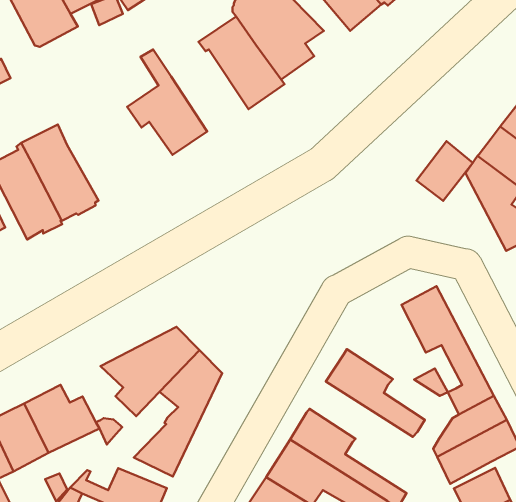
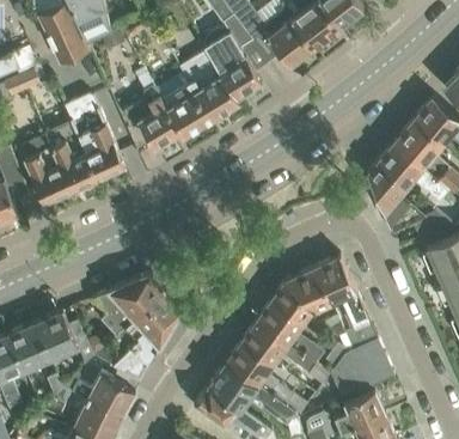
building: none -> [157,73,212,136]
building: none -> [66,96,126,179]
building: [417,141,473,201] -> none
building: none -> [273,268,330,322]
building: none -> [243,321,331,385]

